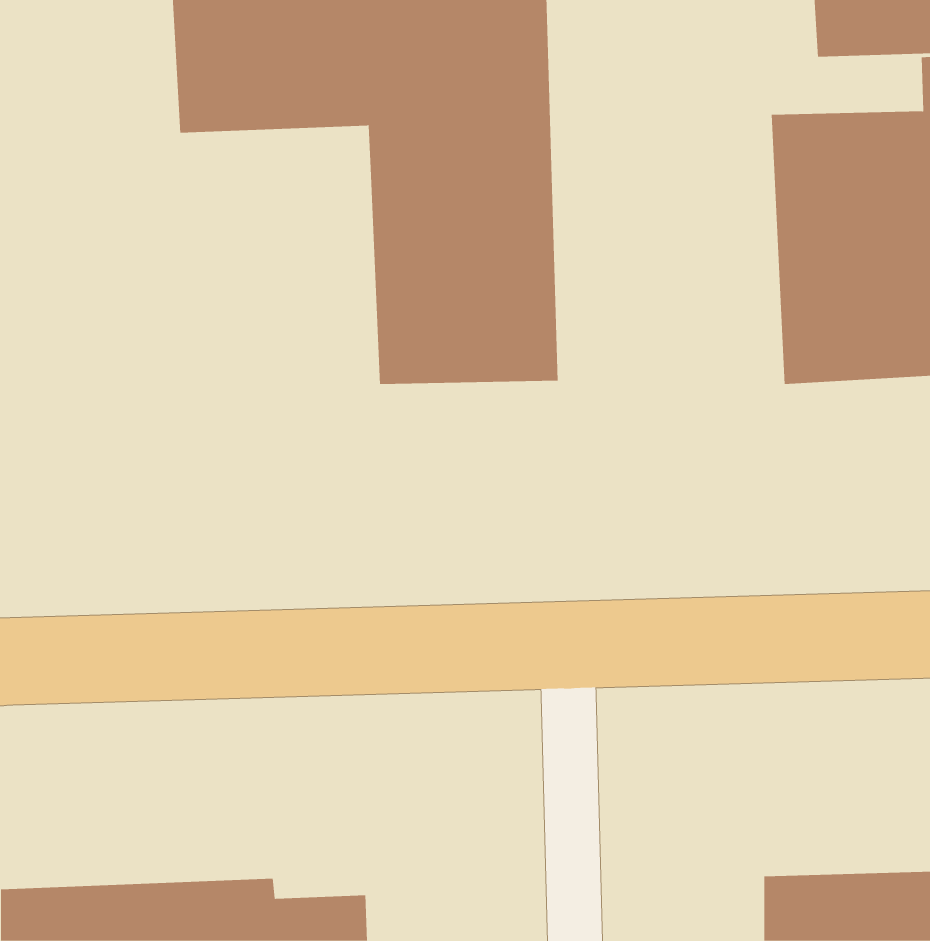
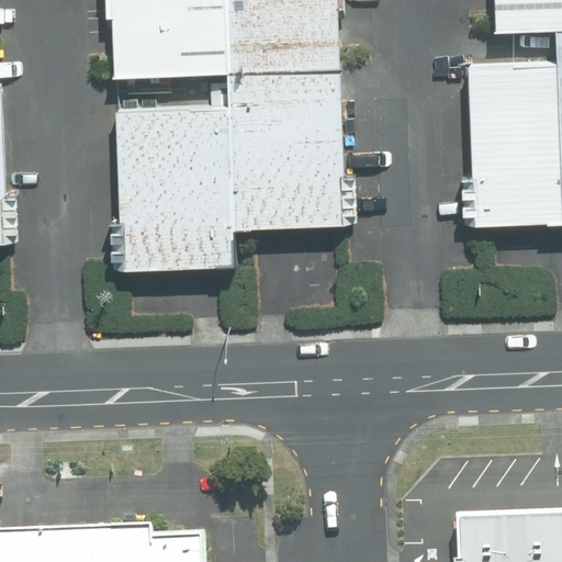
building: none -> [115,110,234,272]

